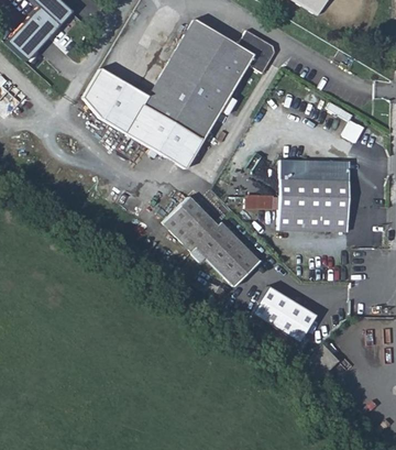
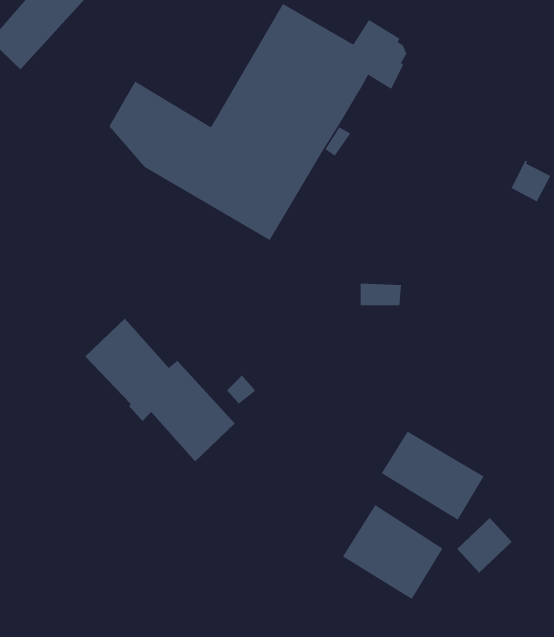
building: [279,161,349,230] -> none
building: [163,195,257,285] -> [84,318,236,462]
building: none -> [342,504,443,600]

